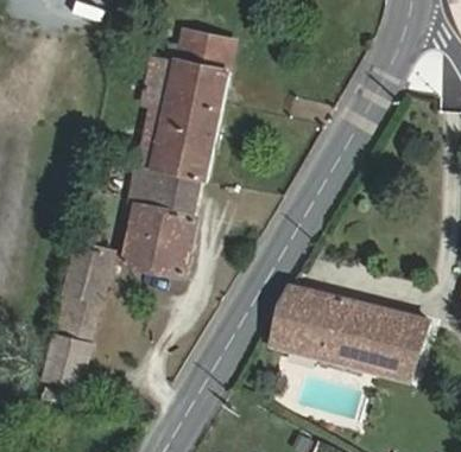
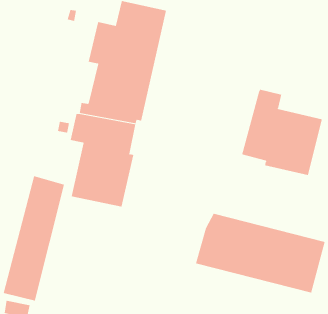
building: none -> [241,89,323,176]

